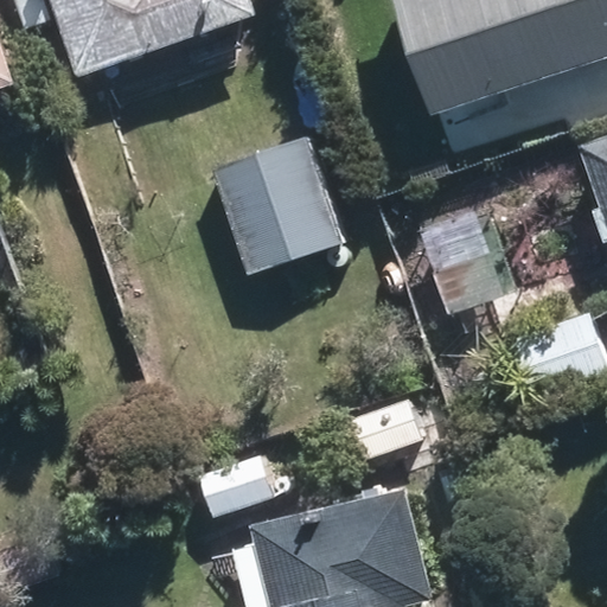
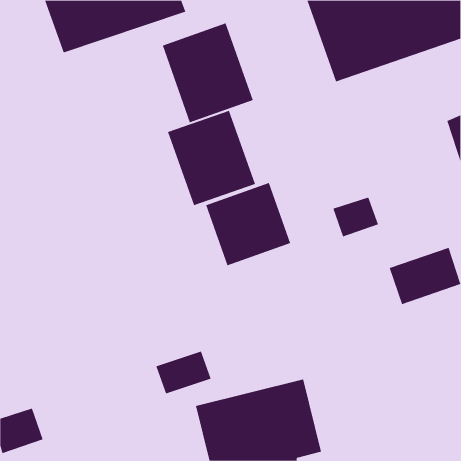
building: none -> [162,22,253,123]
building: none -> [206,182,291,266]

